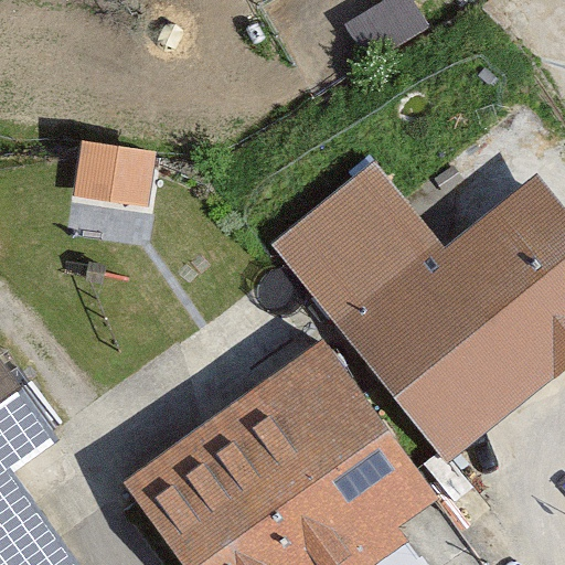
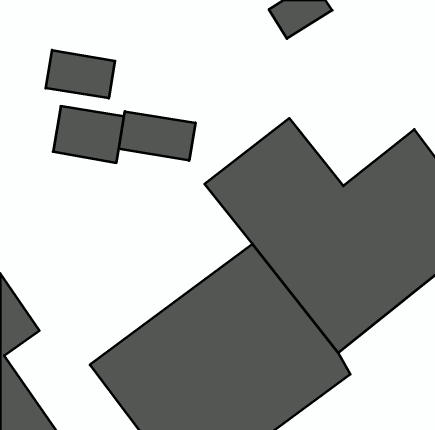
building: none -> [46,50,115,98]
building: none -> [119,111,195,161]

